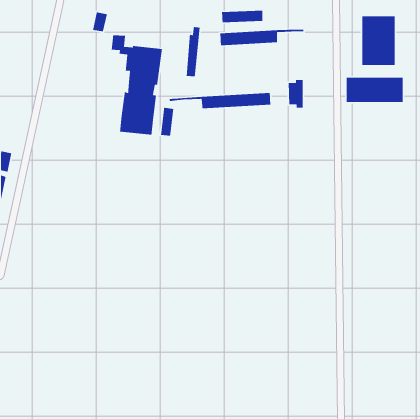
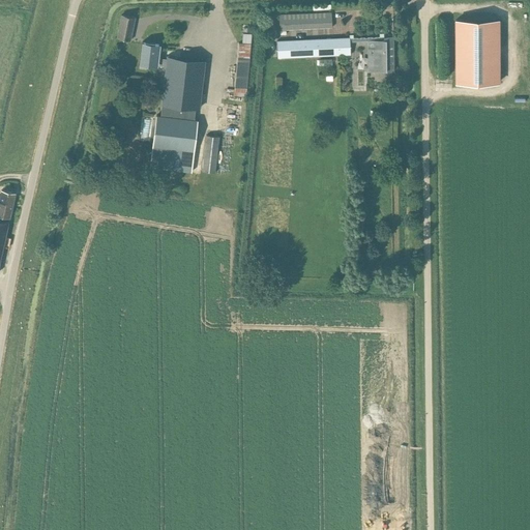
building: [346,77,404,103] -> none
building: [288,79,303,109] -> [374,37,393,75]
building: [169,92,271,109] -> none

